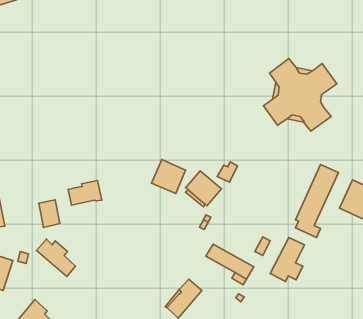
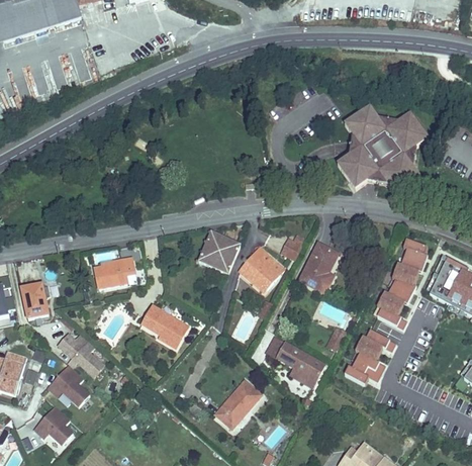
building: none -> [300,242,337,291]
building: [39,200,60,228] -> [21,284,48,318]
building: none -> [141,305,187,347]
building: none -> [48,363,92,406]

